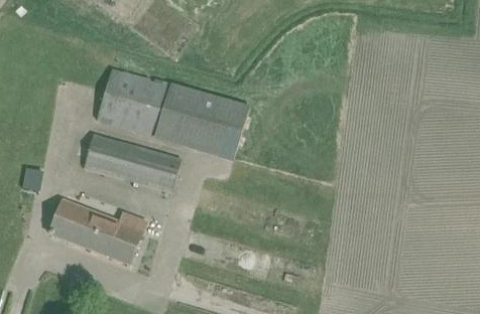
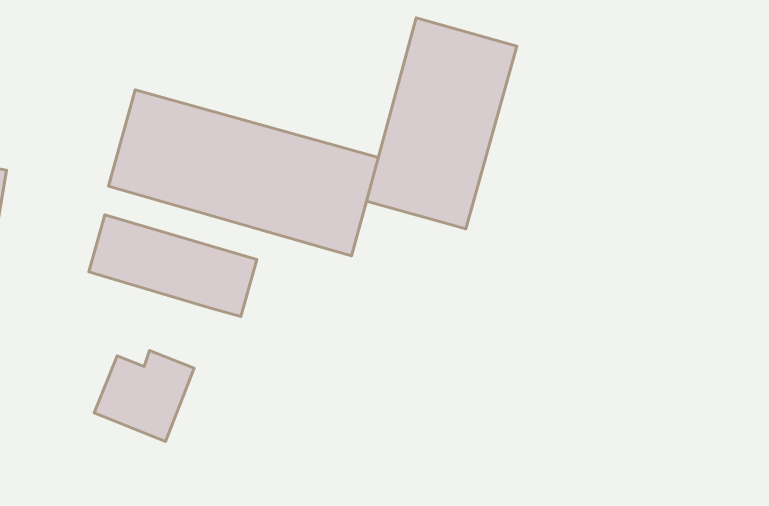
building: none -> [367,18,517,229]
building: [47,199,101,247] -> none

